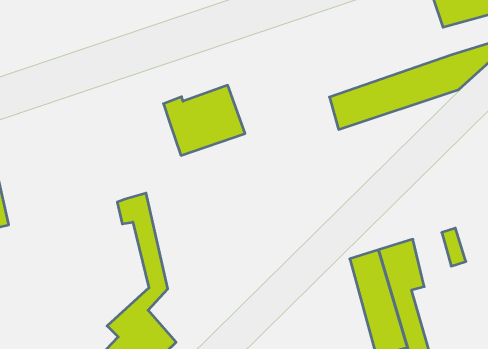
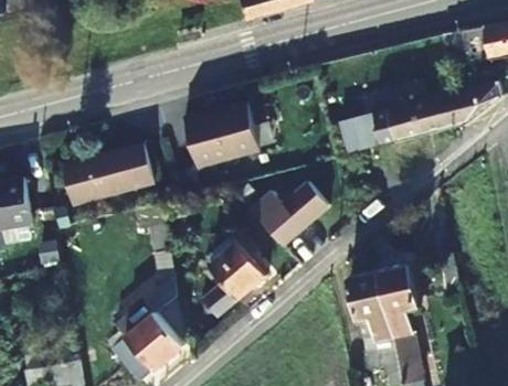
building: none -> [62,147,154,205]
building: none -> [250,178,329,244]
building: none -> [202,233,267,317]

